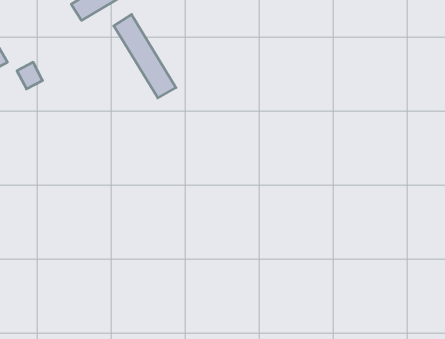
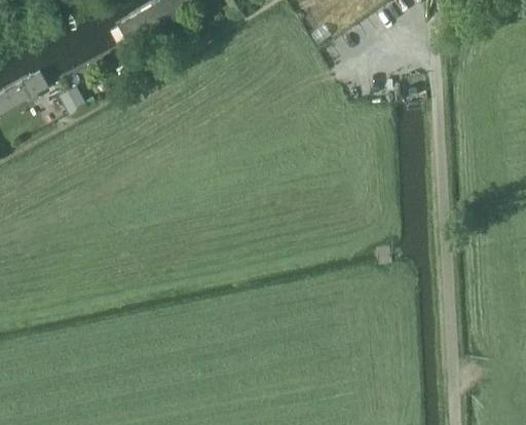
building: [114,14,176,98] -> none

